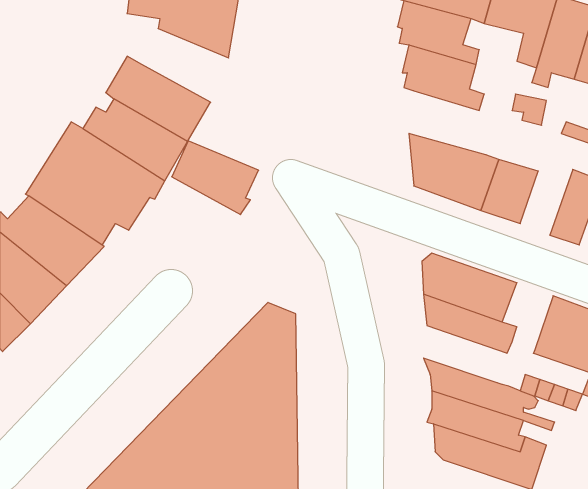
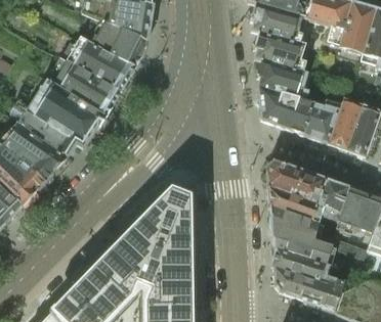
building: none -> [258,59,309,99]
building: [172,141,259,215] -> [92,20,146,66]
building: none -> [329,102,362,149]
building: none -> [318,179,349,221]
building: none -> [268,205,324,242]

